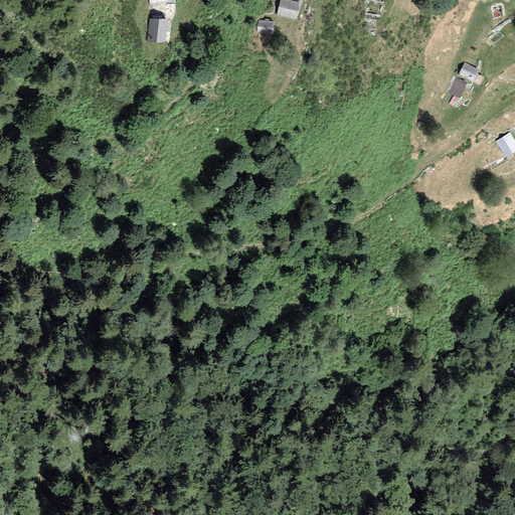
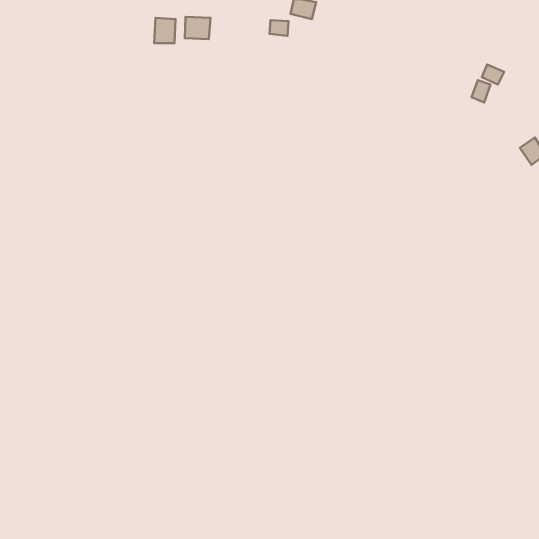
building: none -> [185,17,210,39]

